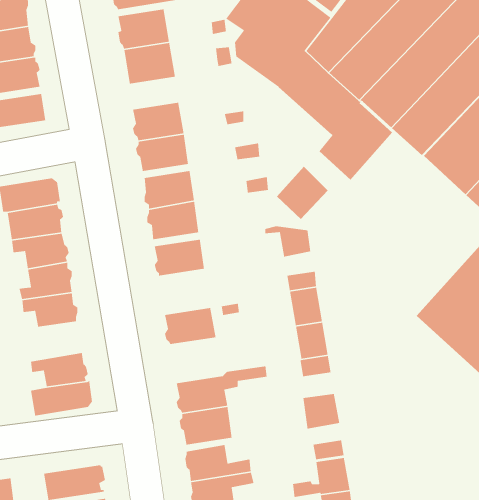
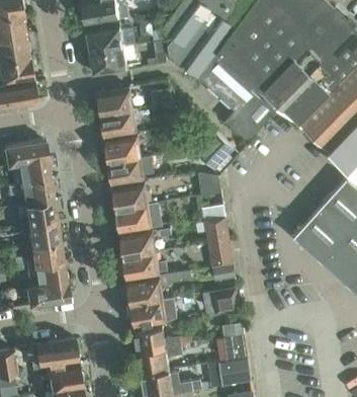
building: none -> [114,204,161,232]
building: none -> [25,241,63,268]
building: none -> [121,252,167,280]

